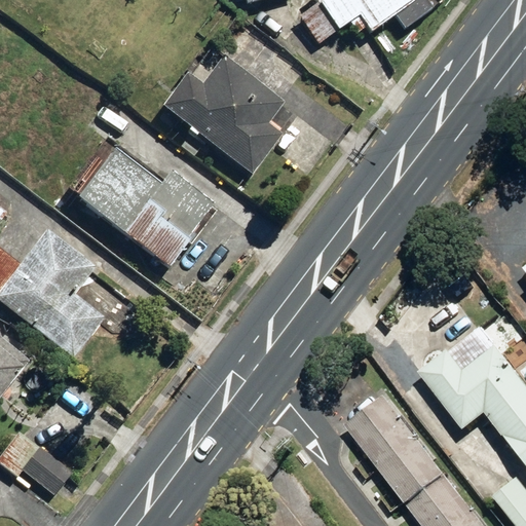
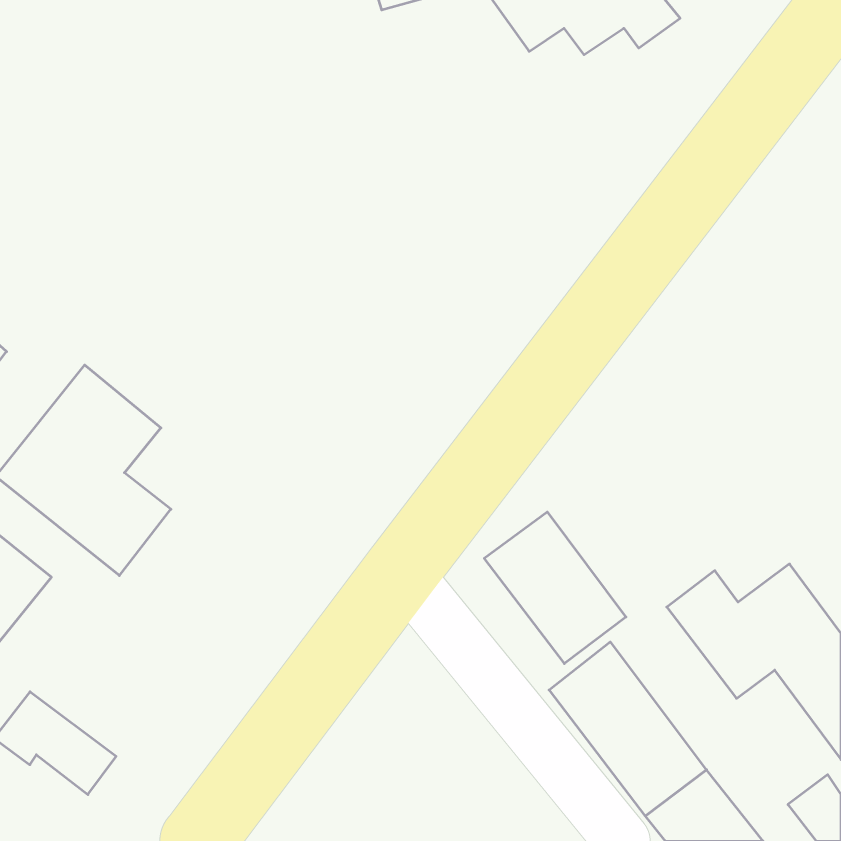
building: [170,55,287,171] -> none
building: [87,147,222,266] -> none
building: none -> [484,512,626,664]

